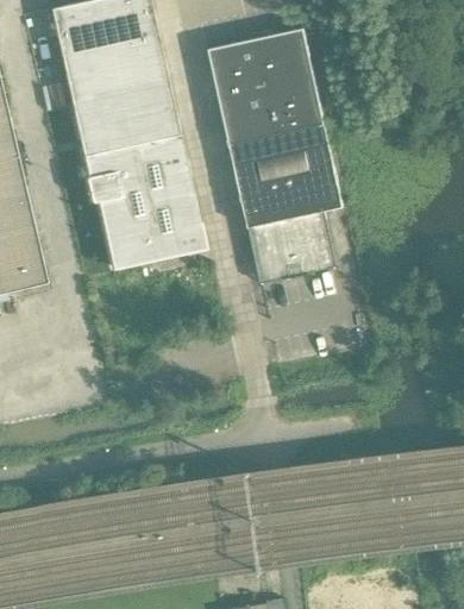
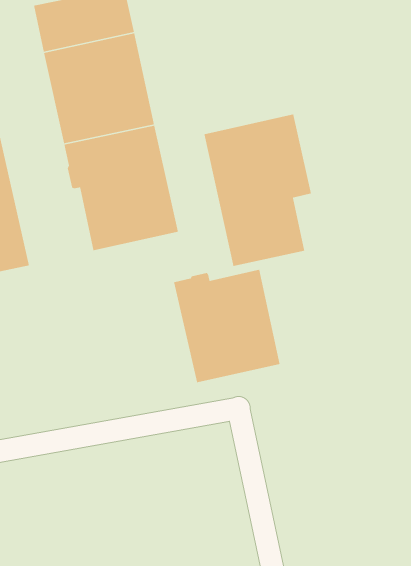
building: [208,29,325,144] -> none
building: none -> [173,269,281,383]

